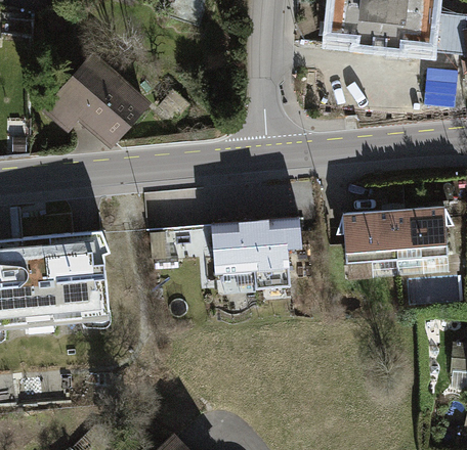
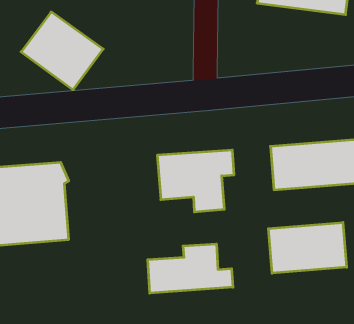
building: none -> [268,222,347,273]
building: none -> [148,244,233,293]

